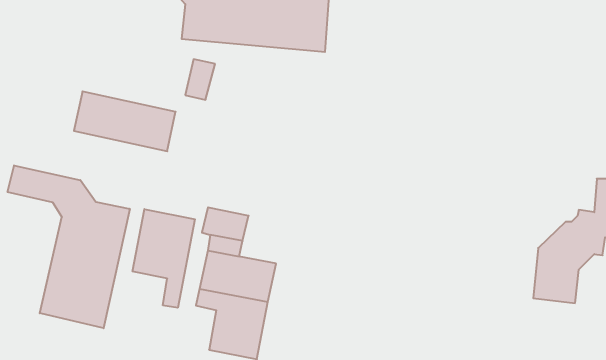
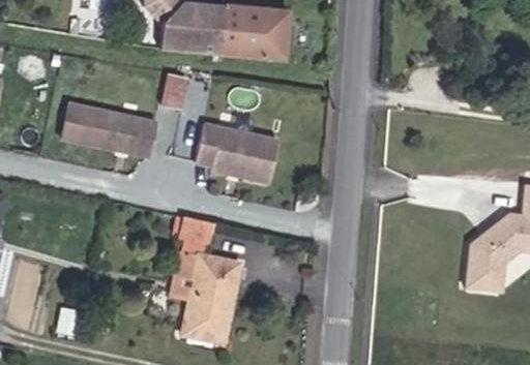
building: none -> [198,121,283,188]
building: [8,165,130,328] -> none
building: [133,209,195,308] -> none

